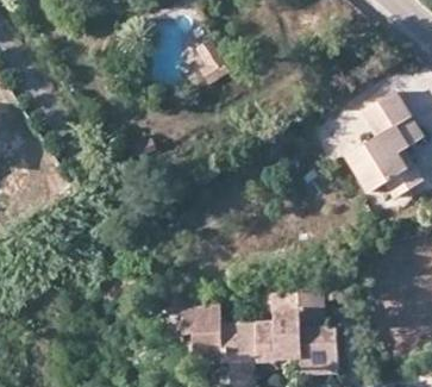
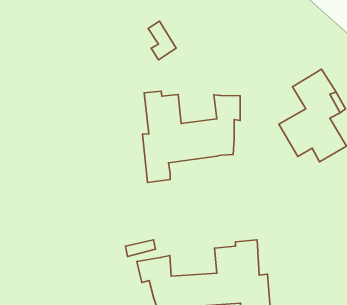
building: none -> [142,91,240,183]

